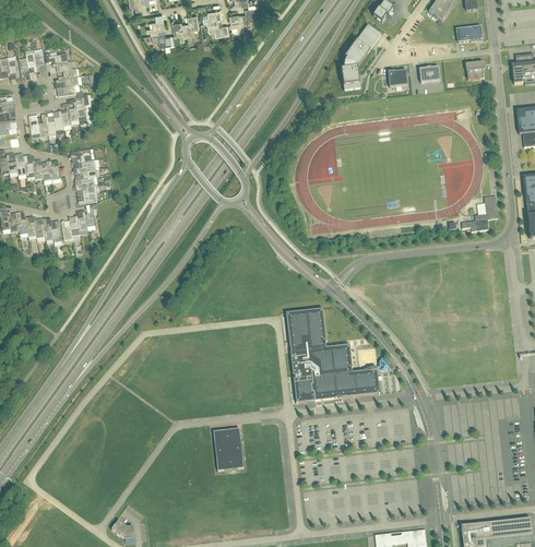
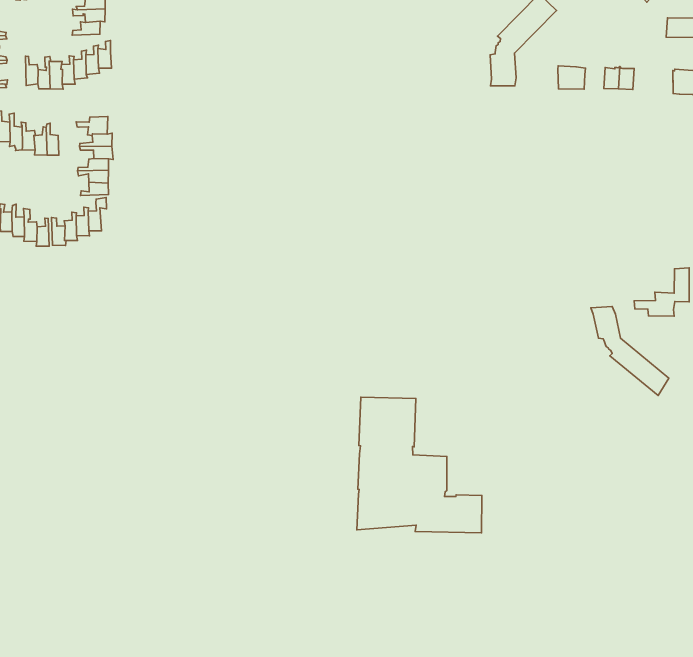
building: none -> [591,307,669,396]
building: [213,428,243,471] -> none

